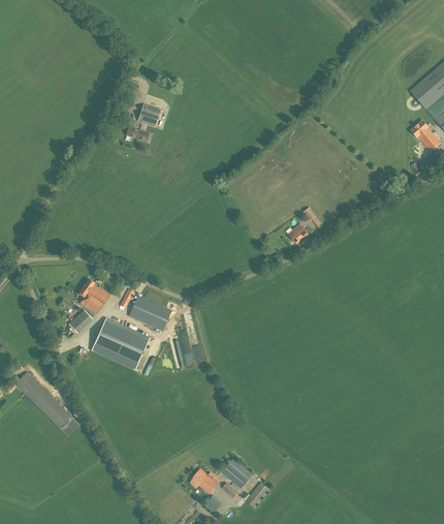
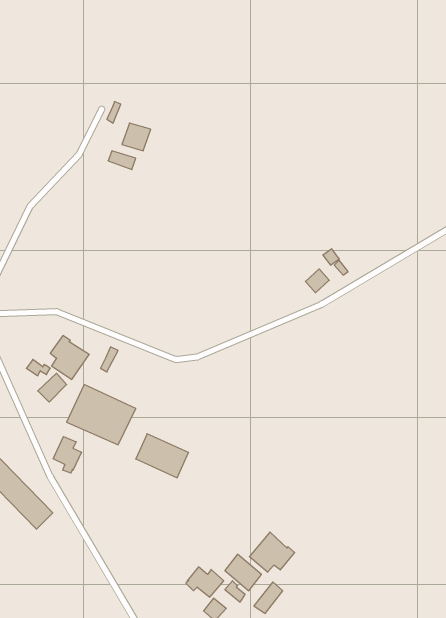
building: [127,295,170,331] -> [136,434,189,478]
building: none -> [53,437,81,473]
building: none -> [249,532,295,572]

